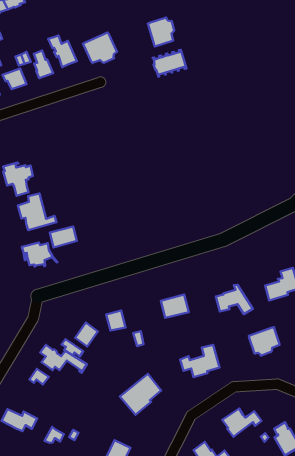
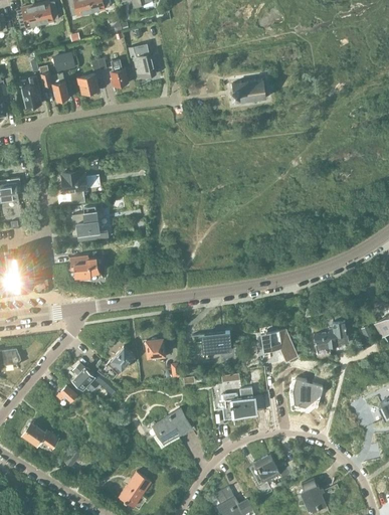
building: [148,18,174,46] -> none
building: [83,32,117,63] -> none
building: [50,227,77,247] -> none

